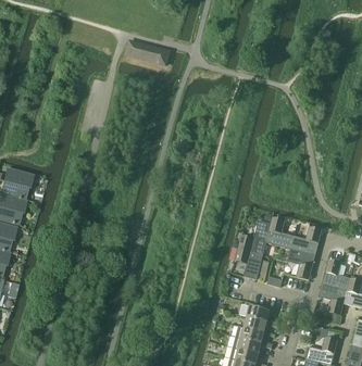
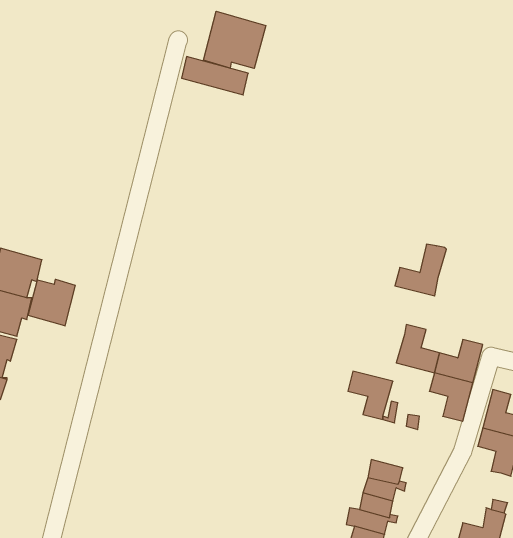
building: none -> [203,11,266,68]
building: none -> [28,279,75,326]
building: [238,219,272,253] -> [395,244,446,296]

